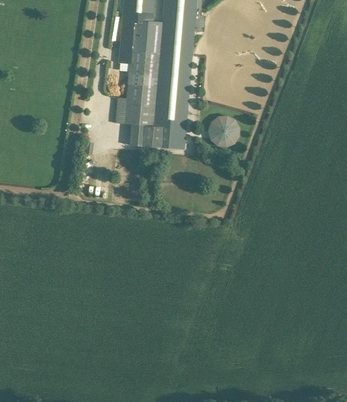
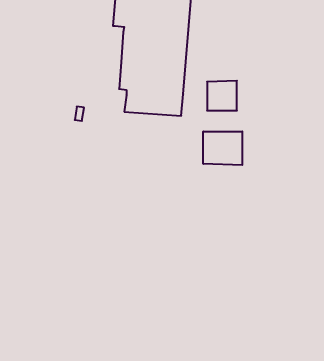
building: none -> [203,131,242,165]

